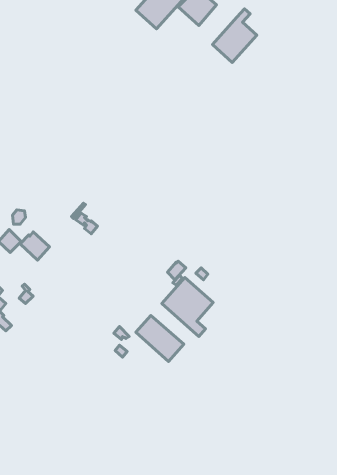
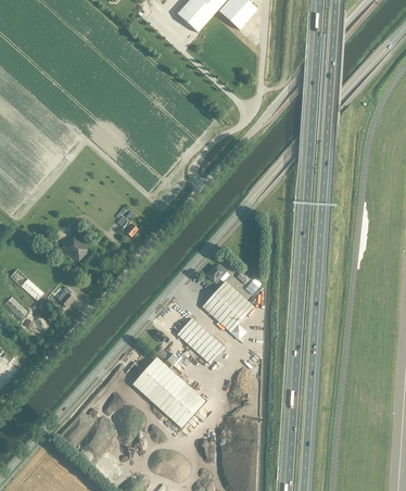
building: [212,9,257,62] -> none
building: none -> [131,356,204,427]

